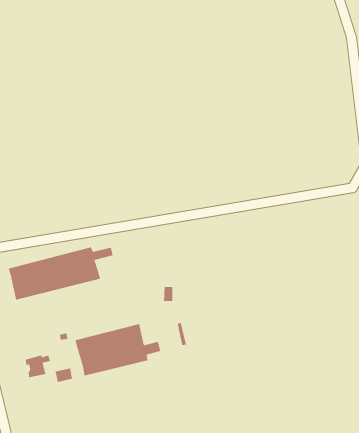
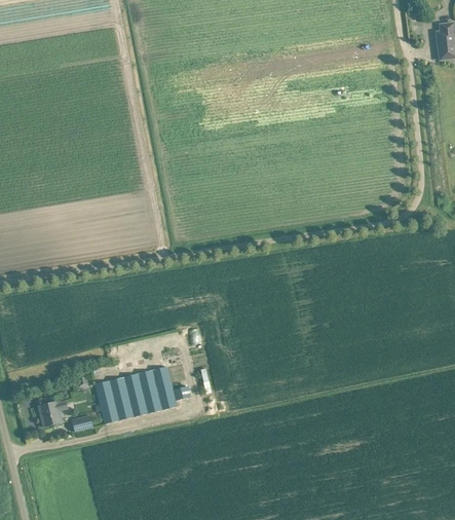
building: [8,246,113,301] -> none

